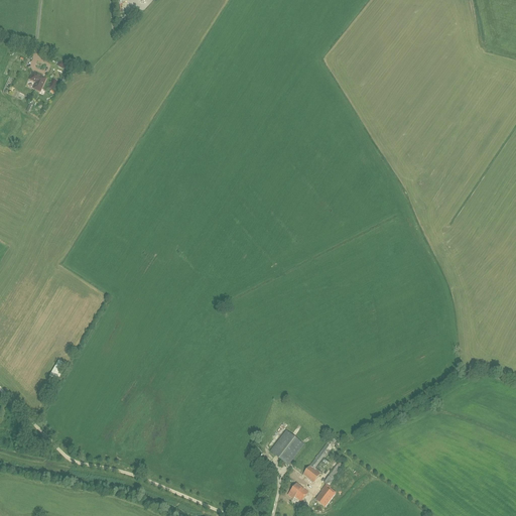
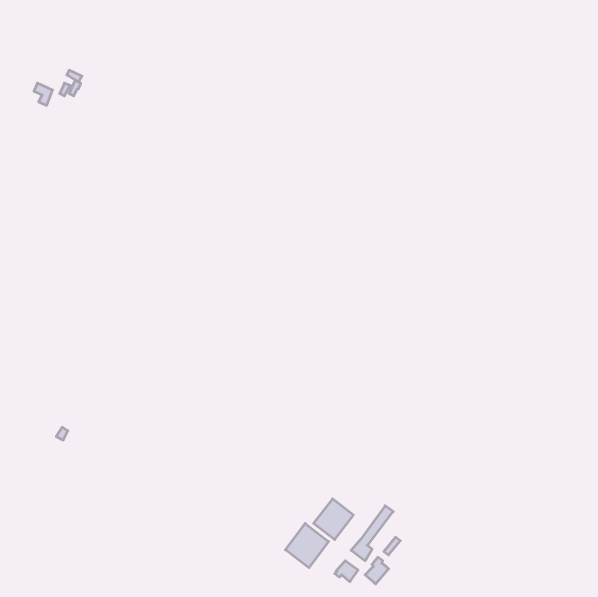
building: none -> [285,523,329,568]

